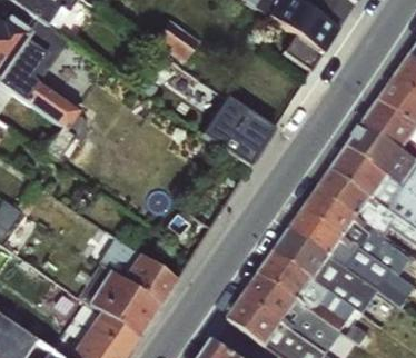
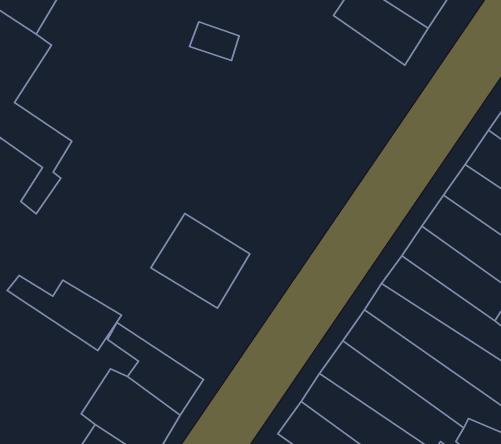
building: [207,92,278,160] -> [151,214,250,308]
building: none -> [7,275,122,350]

